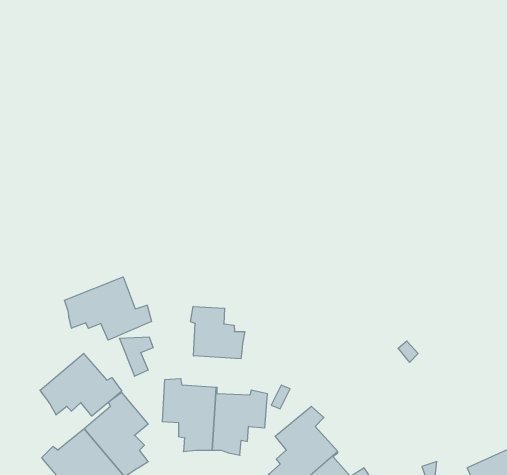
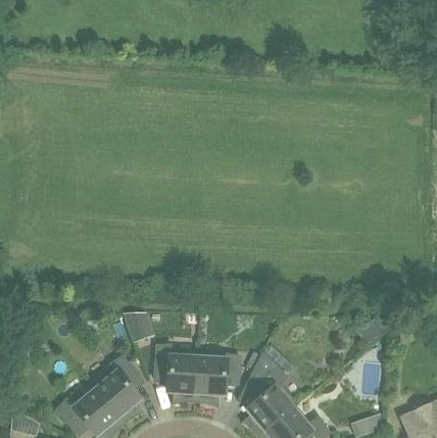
building: [65,277,151,340] -> none
building: [191,306,245,359] -> none
building: [40,353,122,416] -> none

